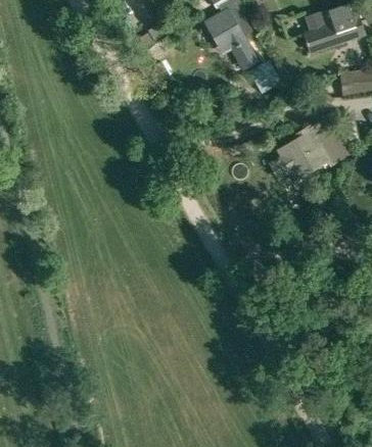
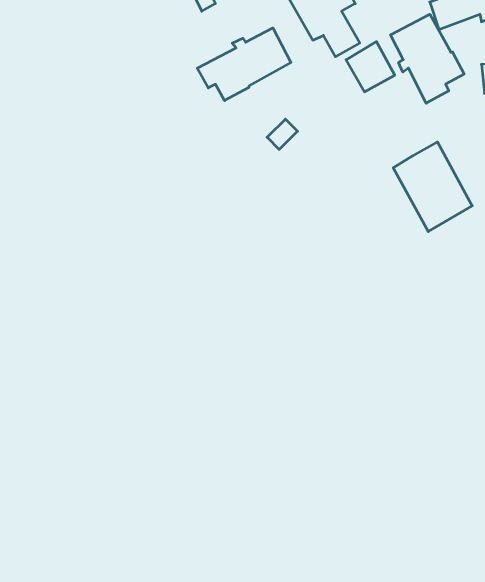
building: none -> [391,14,464,103]
building: none -> [197,28,291,101]

